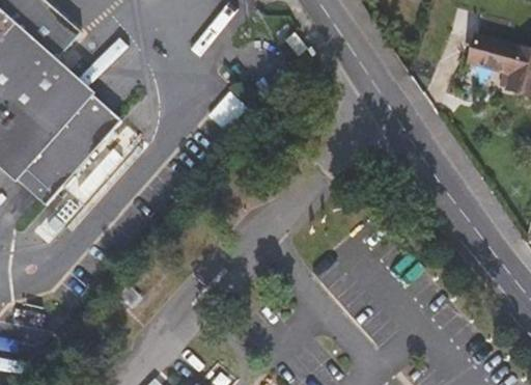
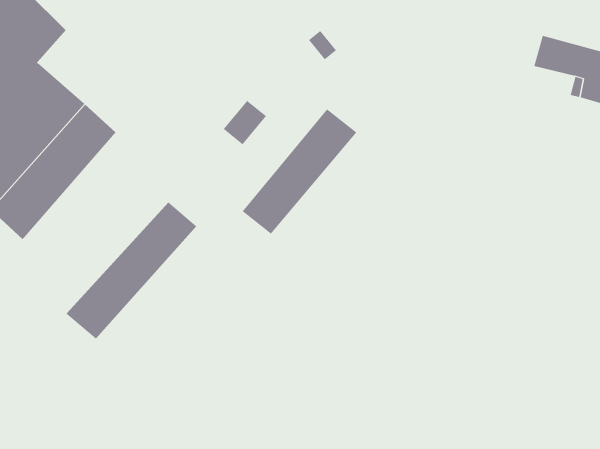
building: none -> [242,108,357,234]
building: none -> [66,201,197,340]

